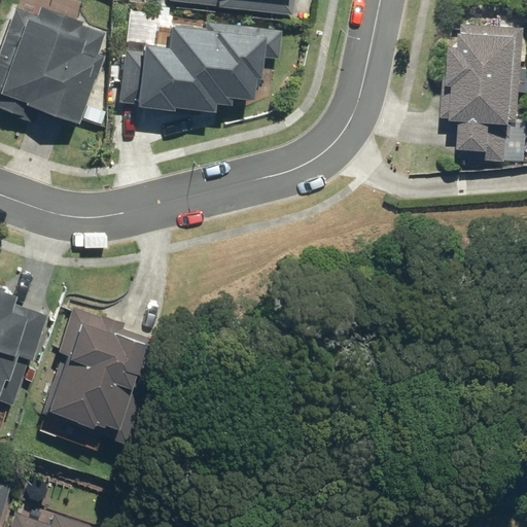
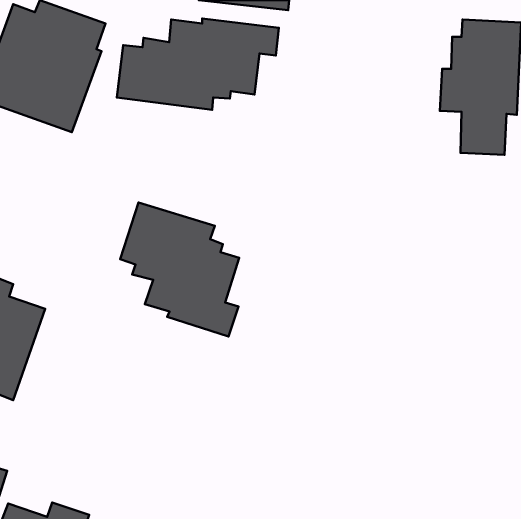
building: none -> [120,203,239,336]
building: [39,307,157,441] -> none

